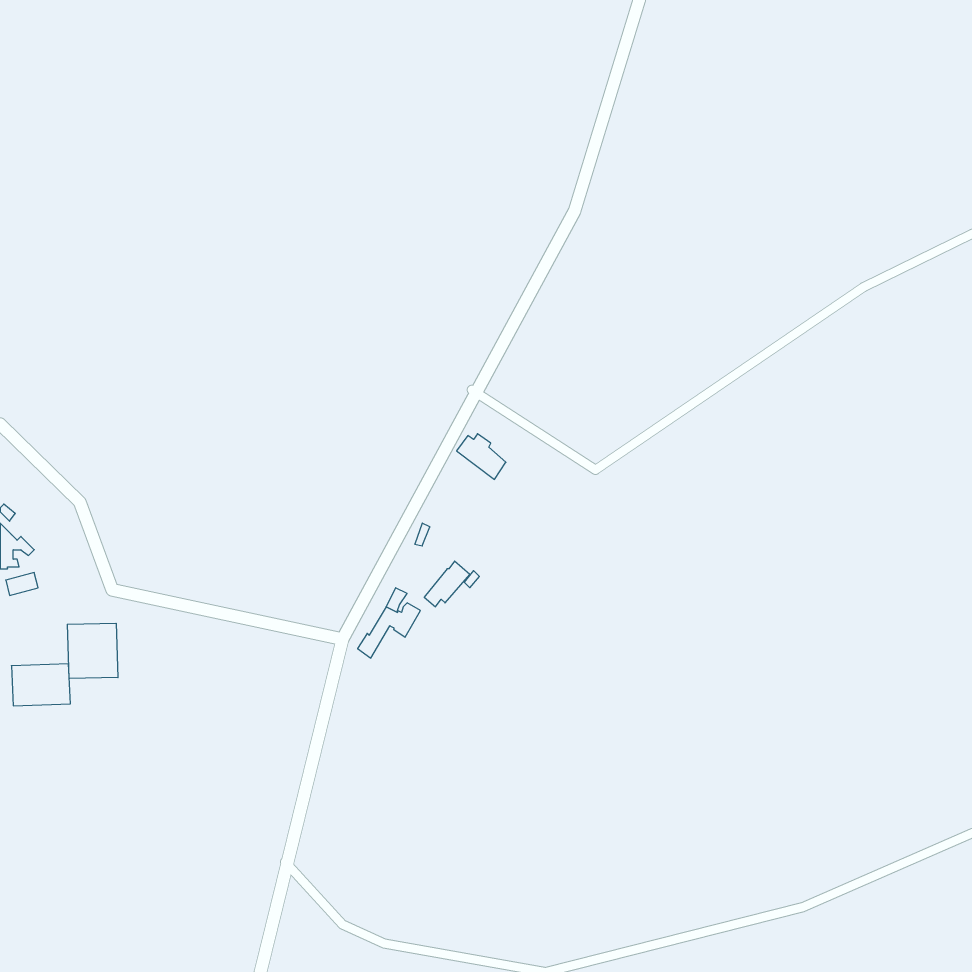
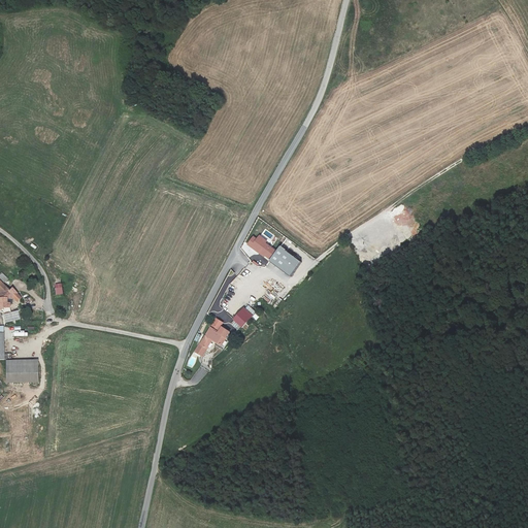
building: none -> [269,246,300,275]
building: [67,623,118,679] -> none

